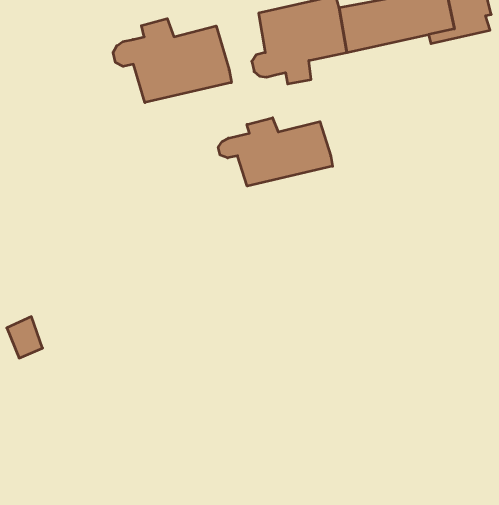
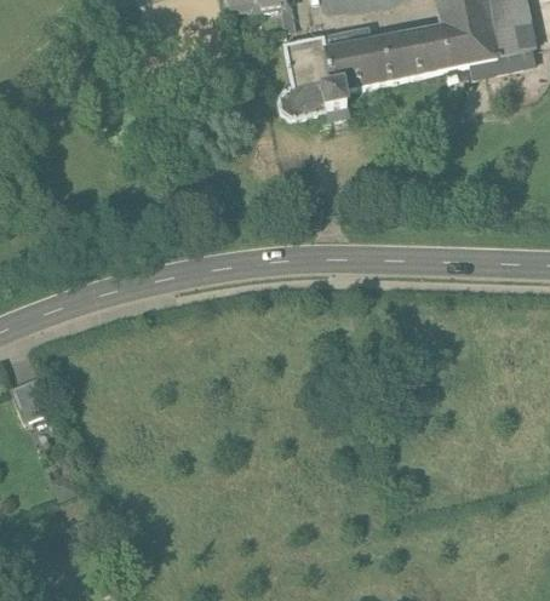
building: [113,19,231,103] -> none
building: [218,118,333,186] -> none

